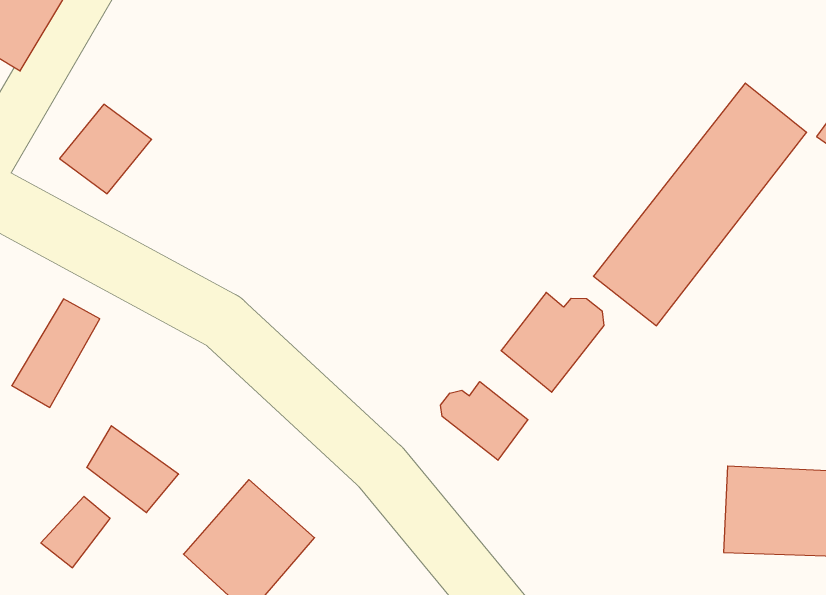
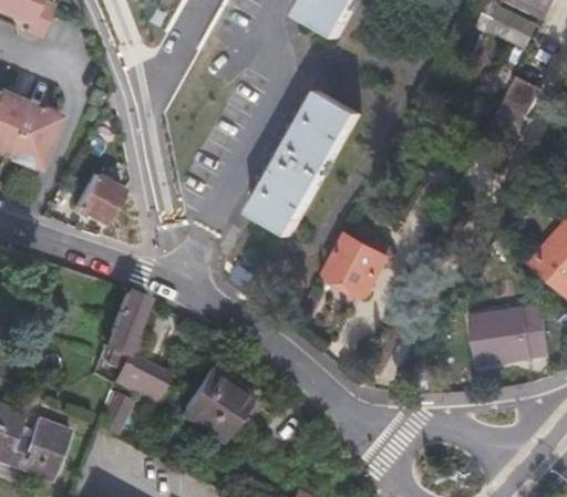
building: [593,83,807,326] -> [251,92,358,236]
building: [12,299,100,407] -> [100,289,143,351]
building: [440,382,528,460] -> none

